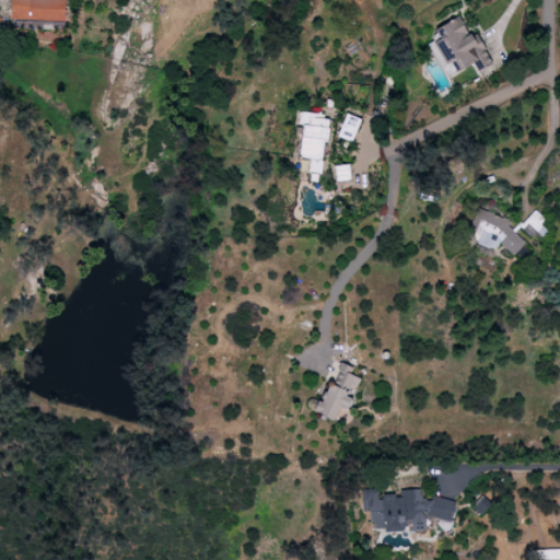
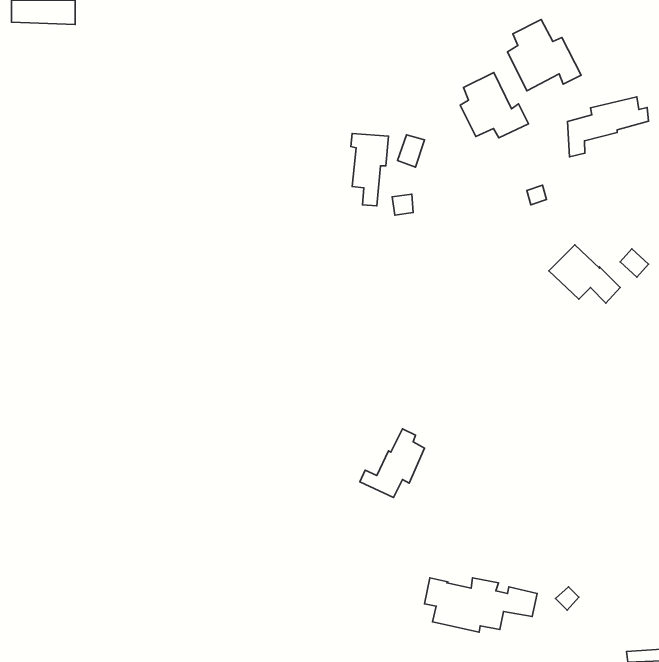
building: none -> [460,72,528,138]
building: none -> [568,97,648,157]

